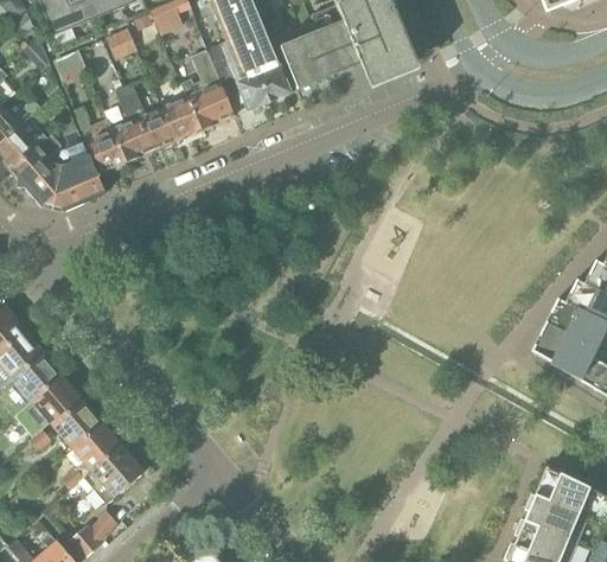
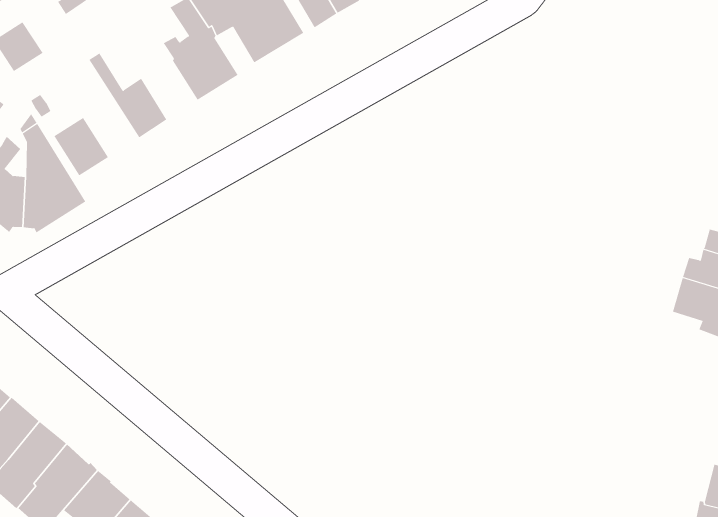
building: [113,85,152,161] -> none
building: [161,96,200,140] -> none

